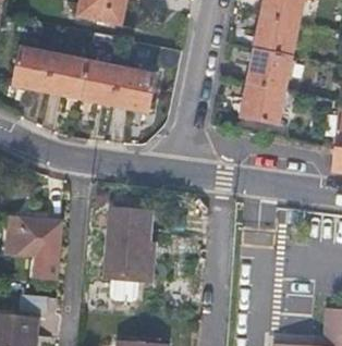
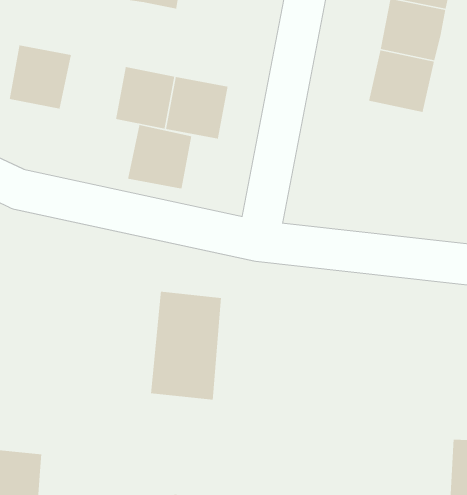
building: [45,54,87,97] -> [127,124,192,189]
building: [240,85,282,123] -> none
building: [16,219,60,279] -> none

